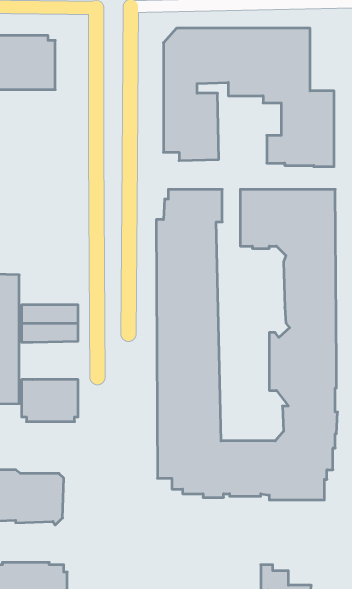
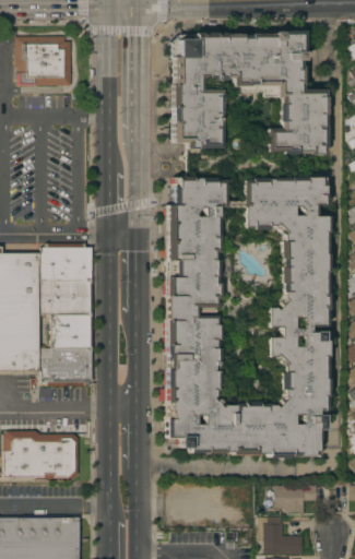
building: none -> [43,243,94,282]
building: none -> [52,314,94,349]
building: none -> [276,486,320,512]

